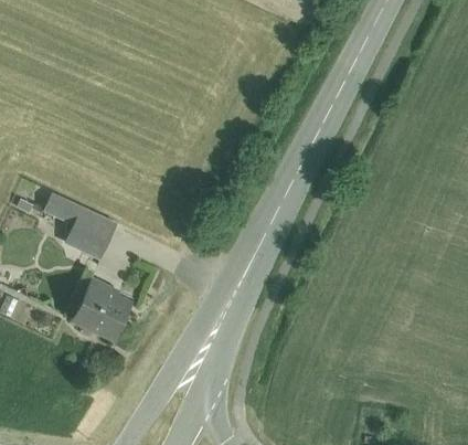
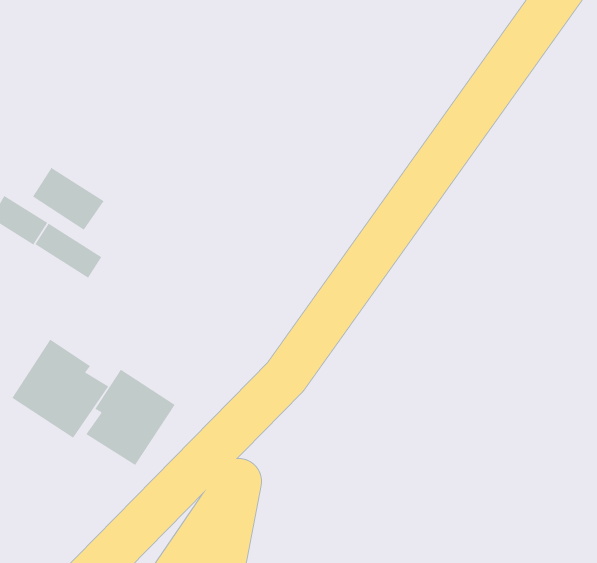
building: [65,222,110,258] -> [32,167,104,230]
building: none -> [86,369,175,466]

